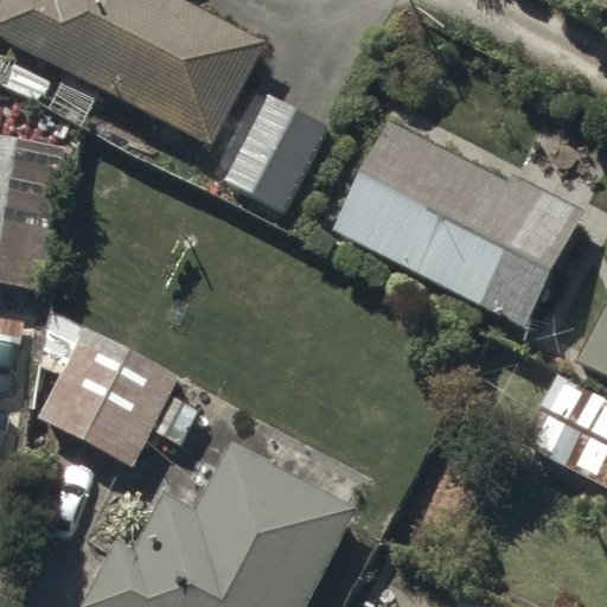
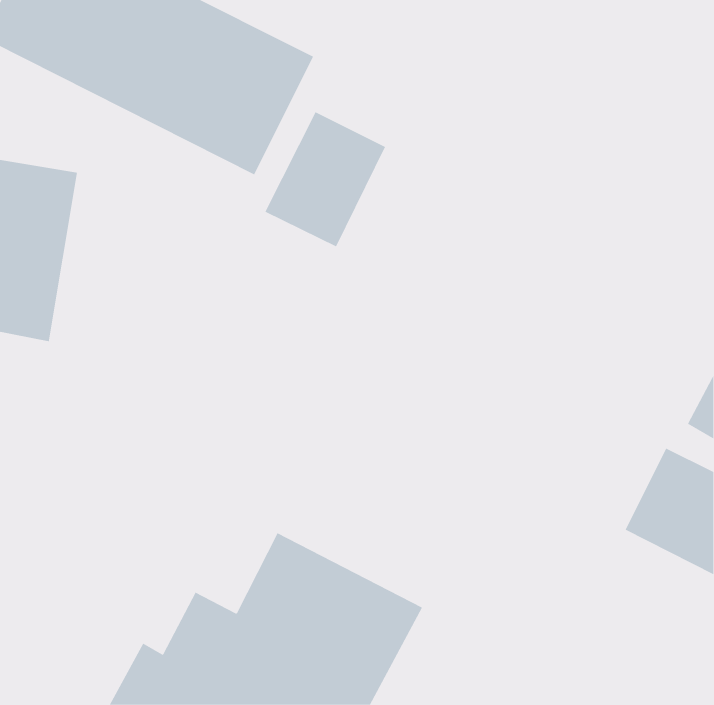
building: [333,121,580,325] -> none
building: [36,324,193,465] -> none

